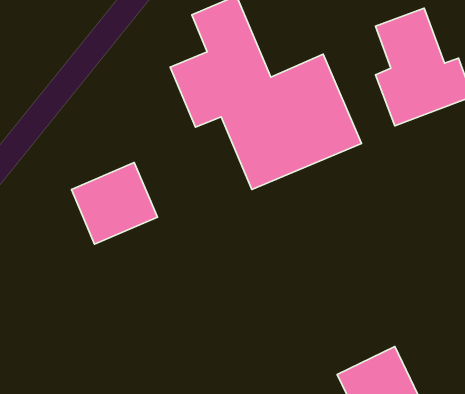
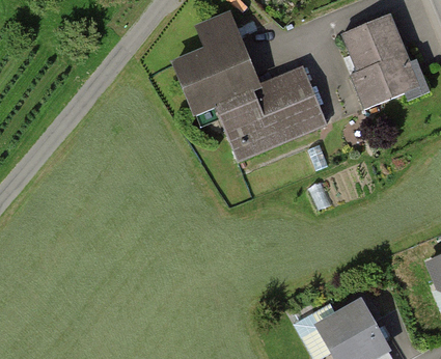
building: [71,163,157,244] -> none

